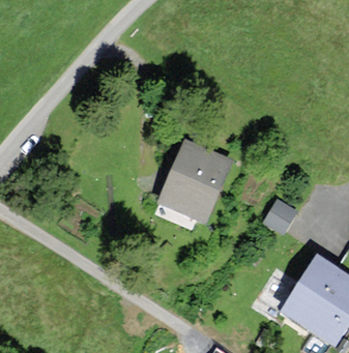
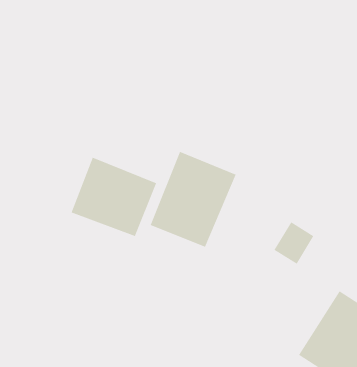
building: none -> [71,157,157,237]

